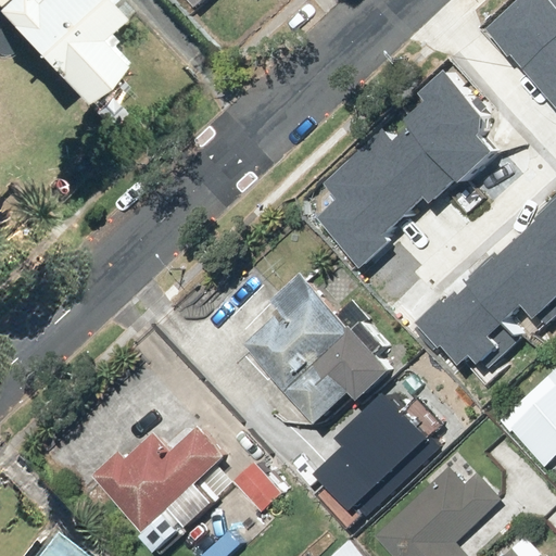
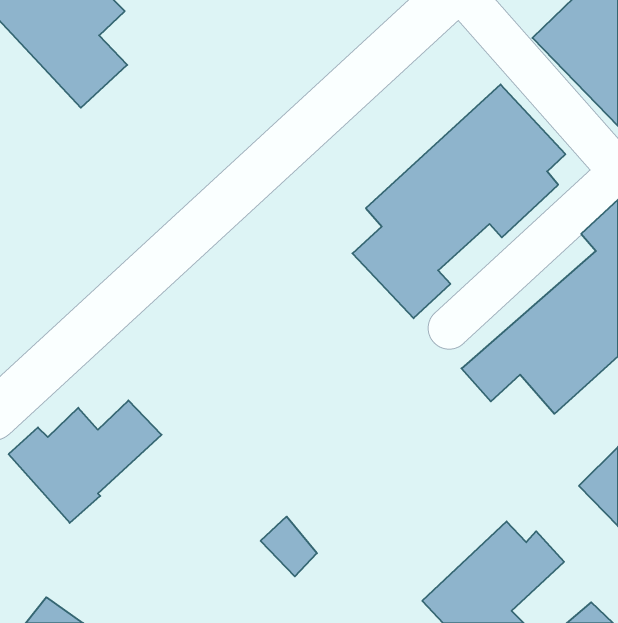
building: [245,268,394,426] -> none
building: [328,387,446,511] -> none
building: [92,424,228,532] -> [9,400,162,523]

